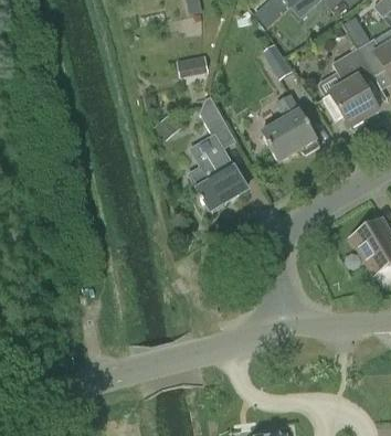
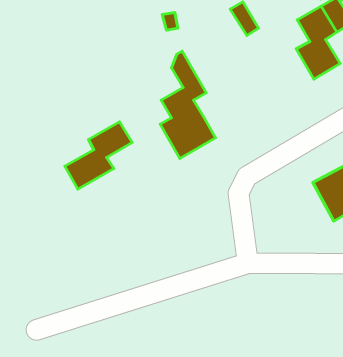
building: [261,94,320,162] -> none
building: none -> [65,122,132,189]

